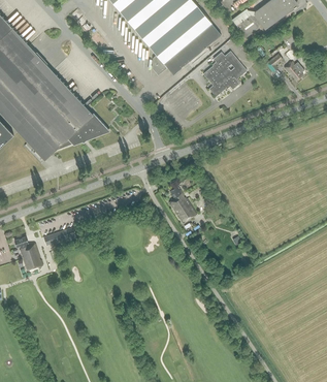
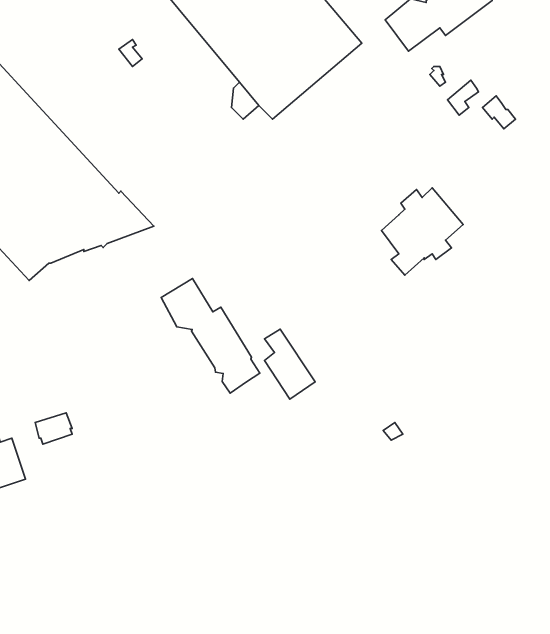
building: [203,51,247,97] -> [381,188,463,275]
building: none -> [161,279,260,393]

